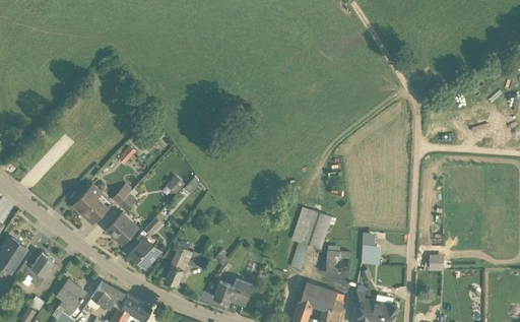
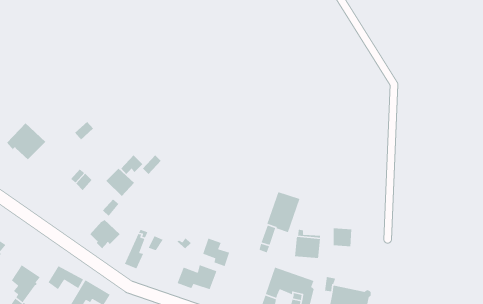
building: [74,185,112,220] -> [6,122,46,160]
building: [107,216,134,244] -> [106,168,135,197]
building: none -> [202,238,230,267]

